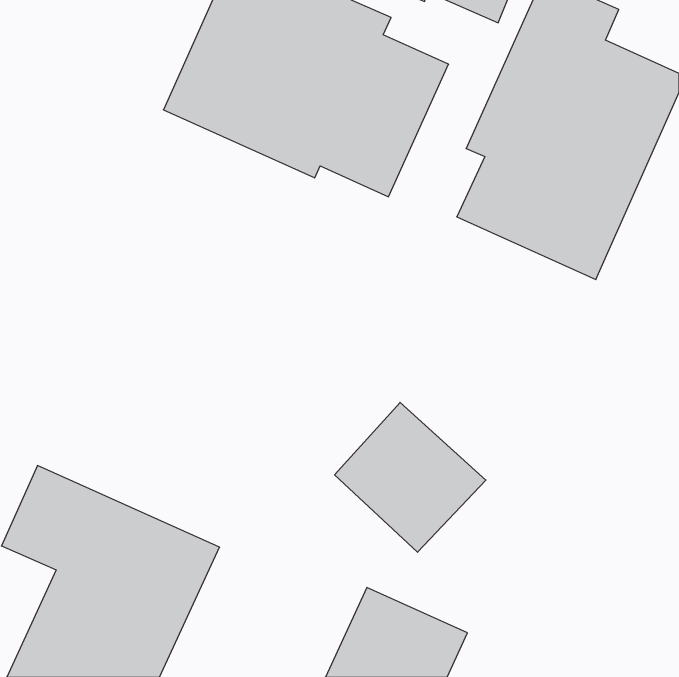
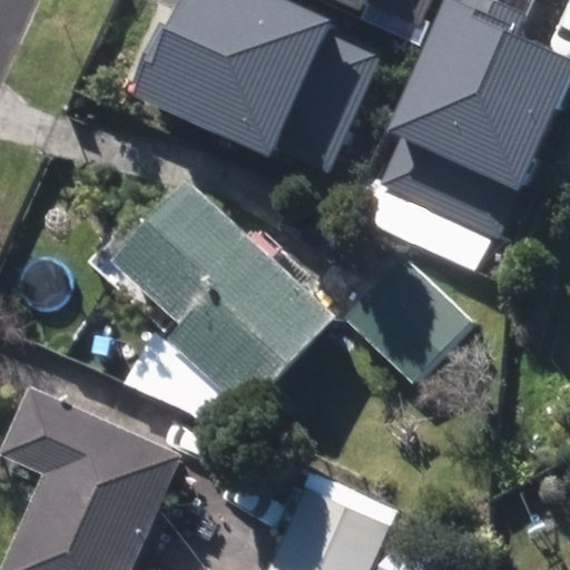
building: none -> [112,180,335,411]
building: [335,402,486,552] -> [346,259,472,384]

